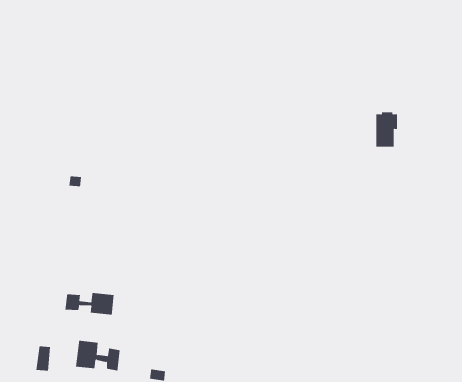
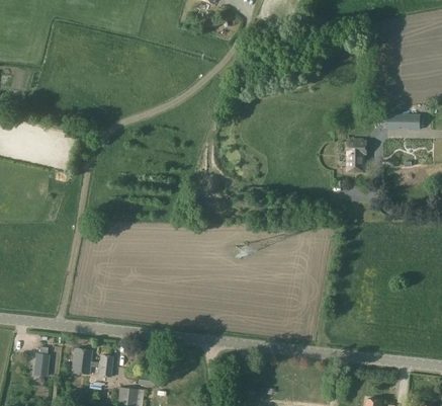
building: none -> [387,114,420,129]
building: [65,292,114,316] -> none

